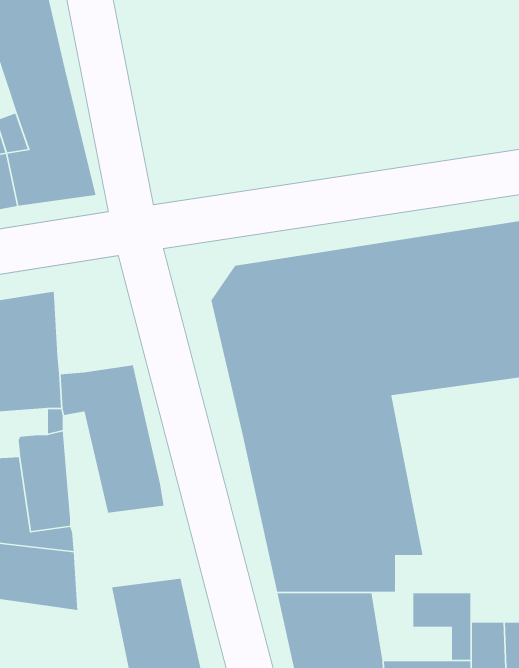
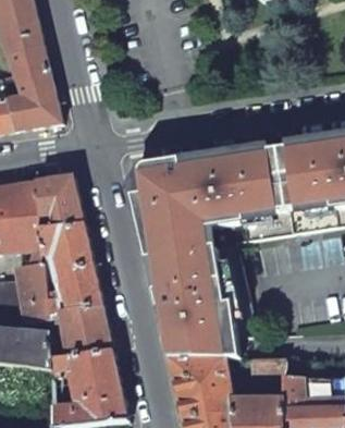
building: none -> [36,174,83,228]
building: none -> [46,307,111,356]

